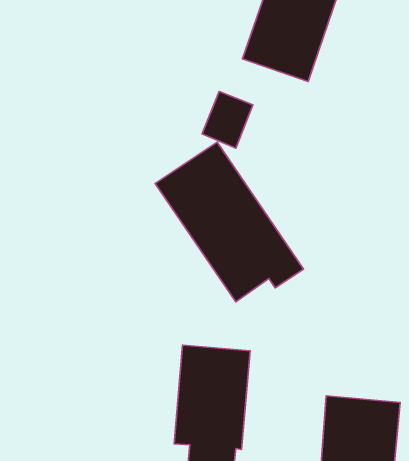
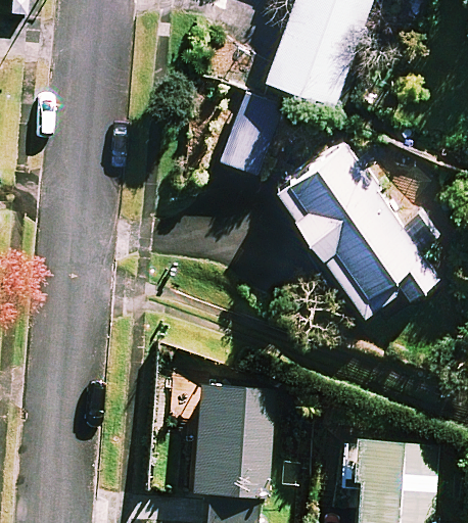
building: [155,142,303,302] -> [278,141,439,315]

